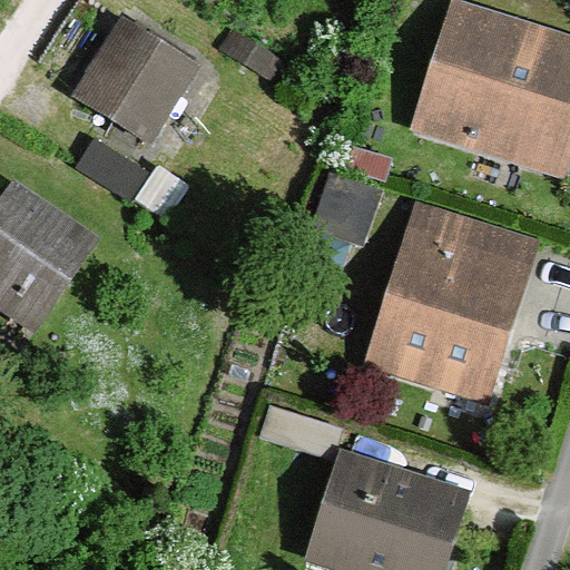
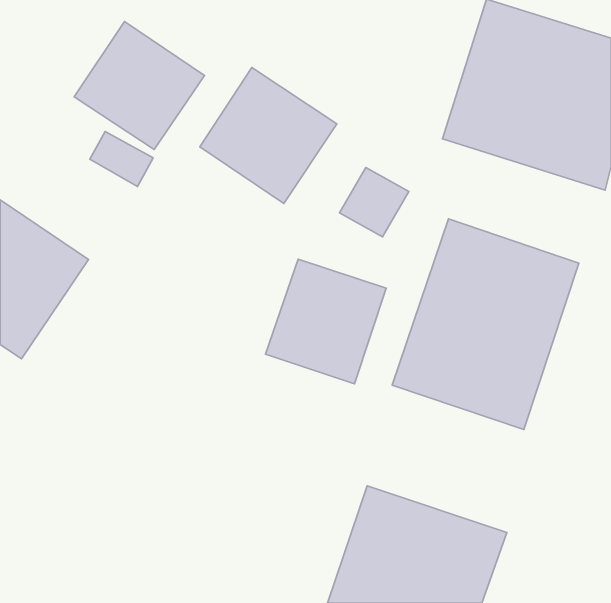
building: none -> [200,68,337,203]
building: none -> [266,259,386,384]

